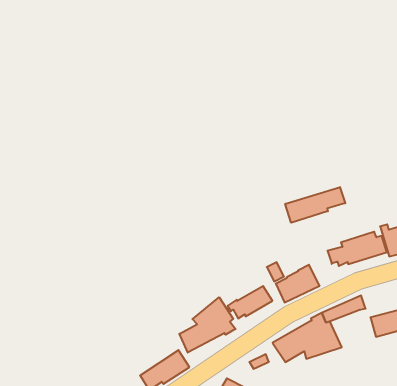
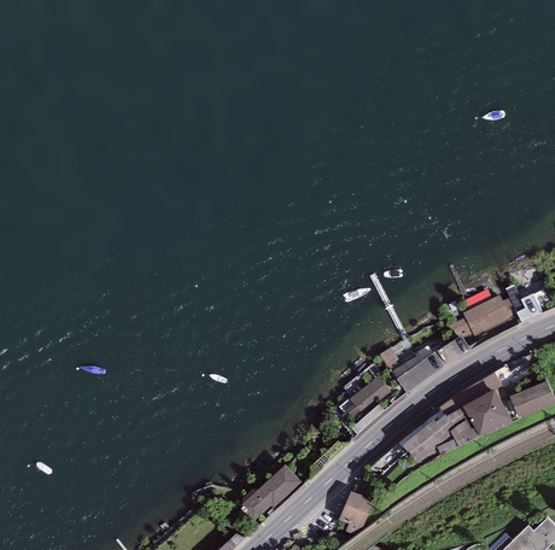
building: [285,187,345,223] -> none
building: [179,297,236,353] -> none
building: none -> [462,388,513,435]

